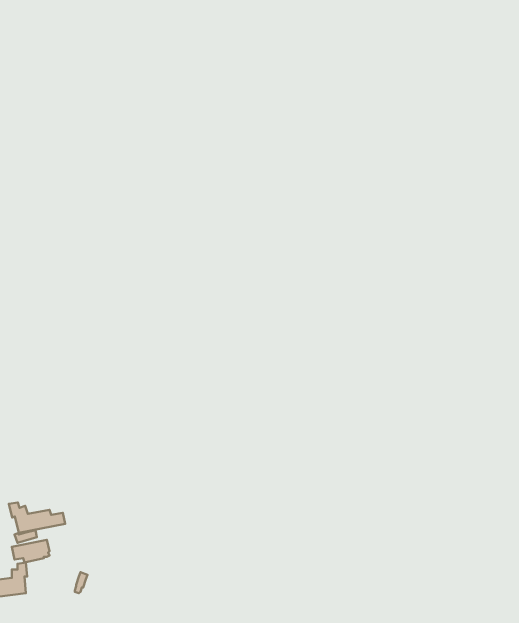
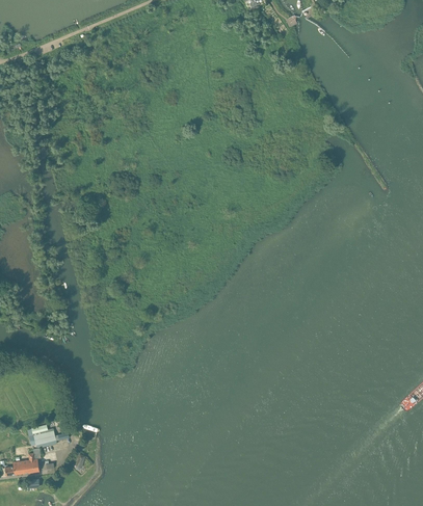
building: [9,502,65,533] -> none

